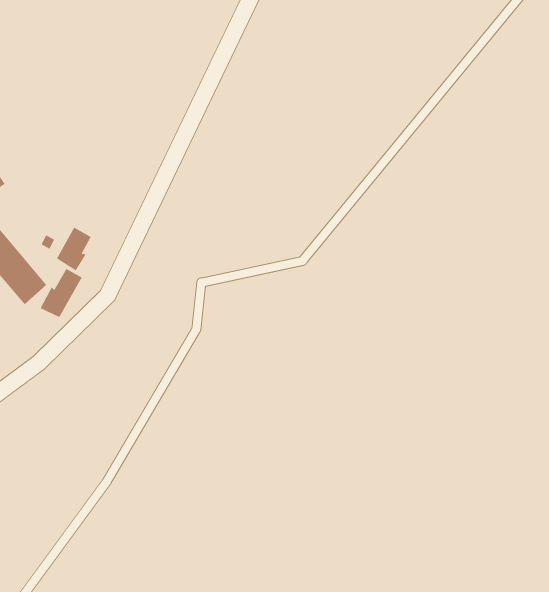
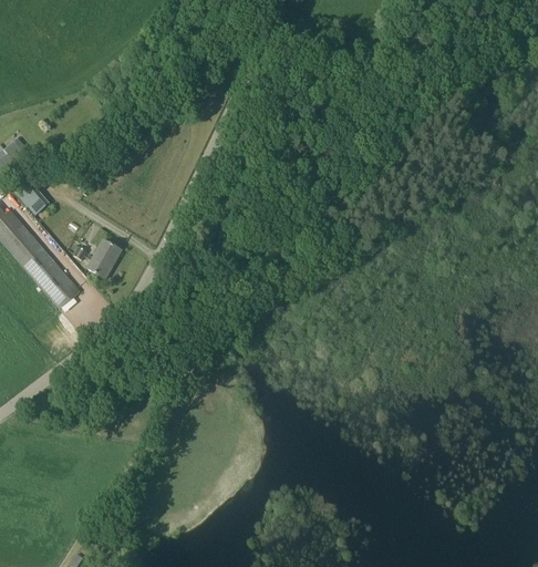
building: [40,268,82,318] -> none

